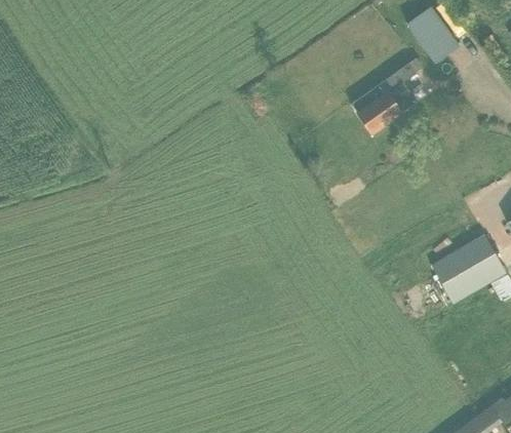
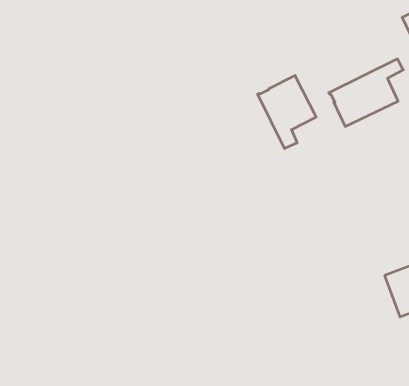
building: none -> [258,75,316,149]

